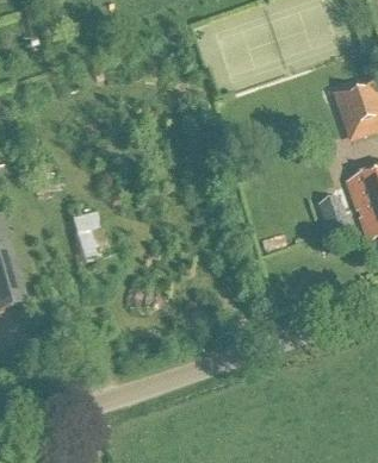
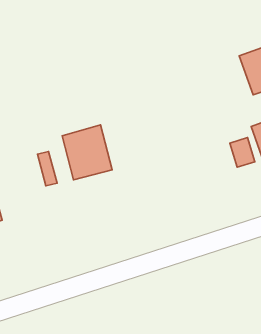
building: none -> [62,125,112,180]

